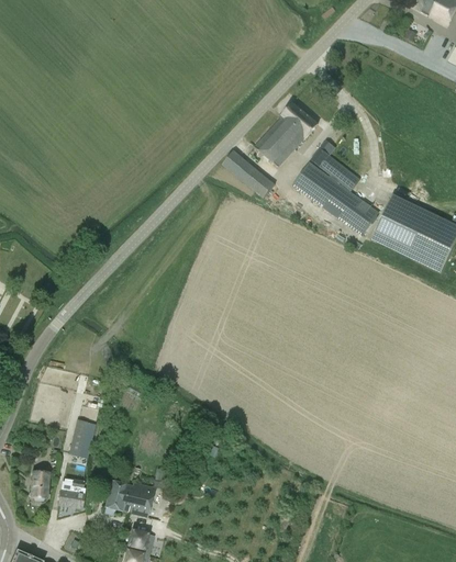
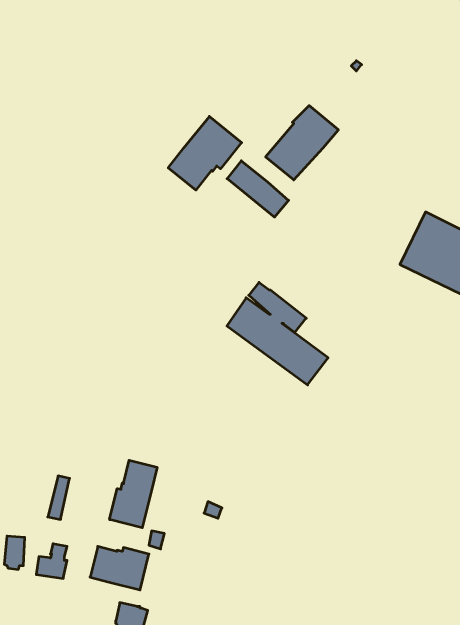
building: none -> [168,116,242,190]
building: [292,147,379,235] -> [227,282,328,385]
building: none -> [110,460,157,528]

